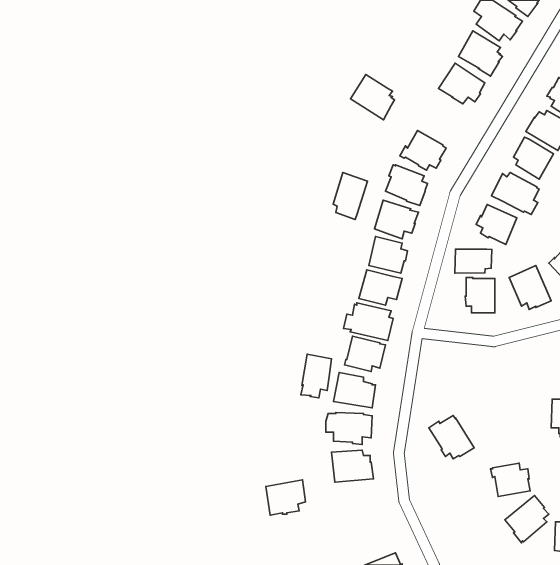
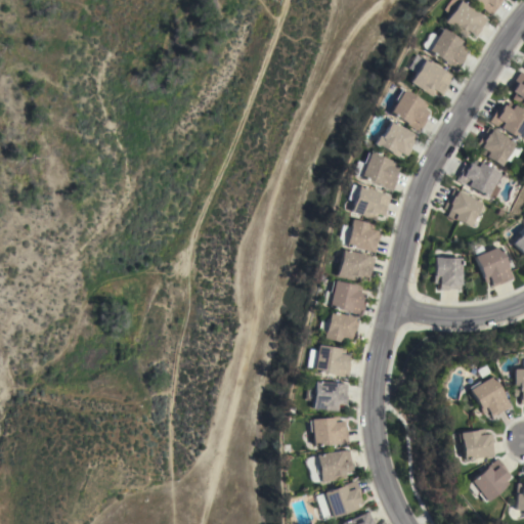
building: [350,74,395,120] -> [390,90,431,132]
building: [333,173,368,220] -> none
building: [455,249,492,273] -> none
building: [301,354,332,398] -> none
building: [429,416,474,459] -> [471,377,513,417]
building: [266,480,306,515] -> [317,449,354,482]
building: none -> [324,481,364,518]

